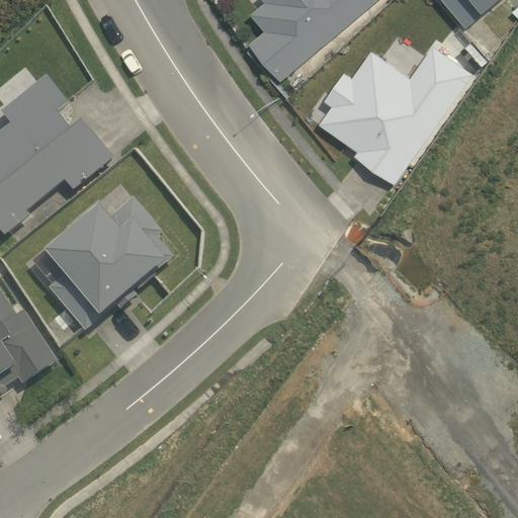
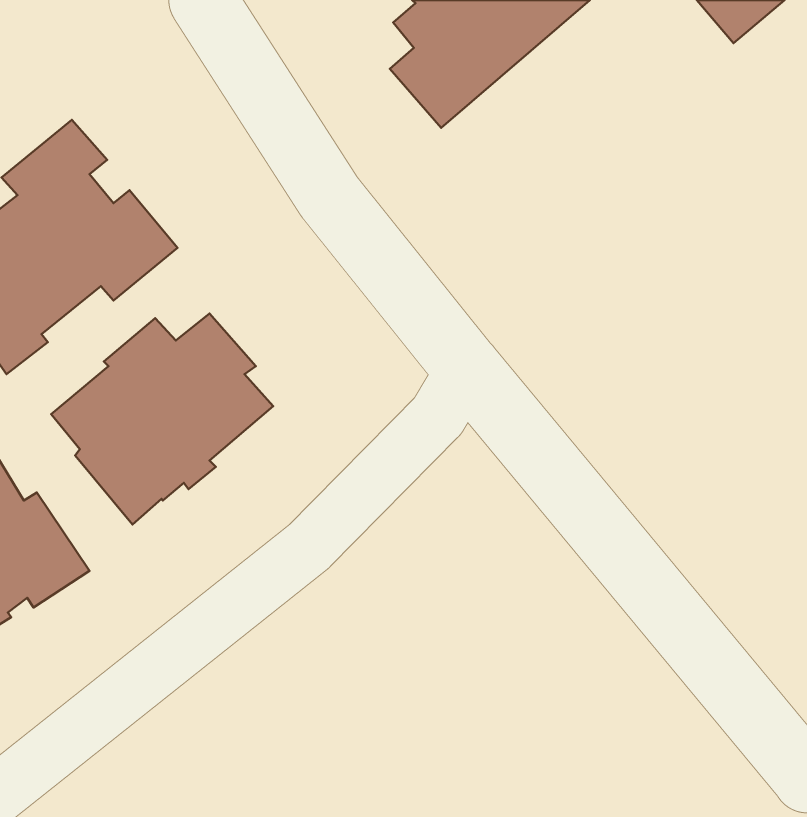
building: [317,46,471,184] -> none

